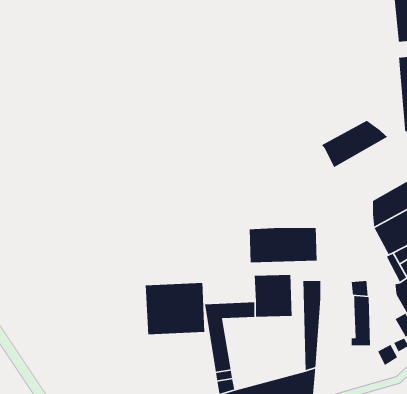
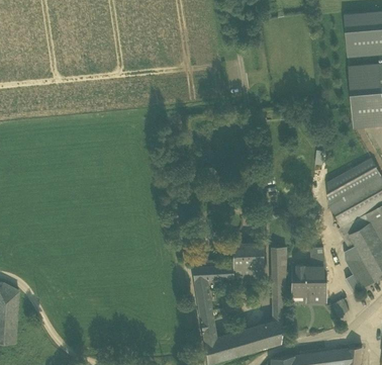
building: [321,120,388,168] -> none
building: [249,227,318,263] -> none
building: [145,282,205,335] -> none
building: none -> [290,265,313,294]

